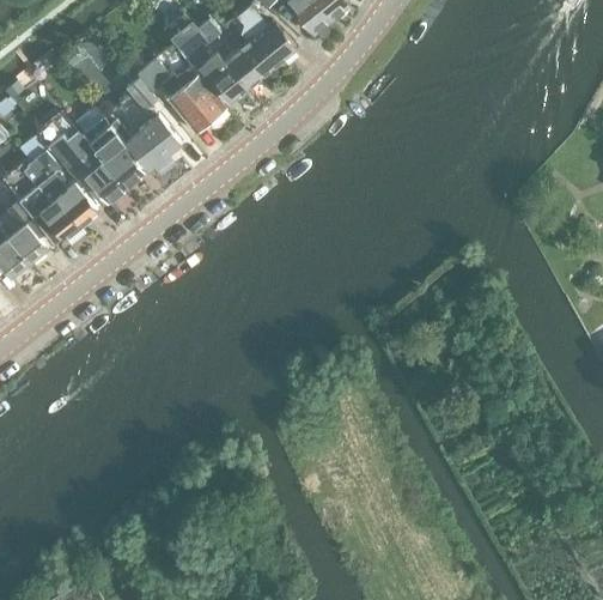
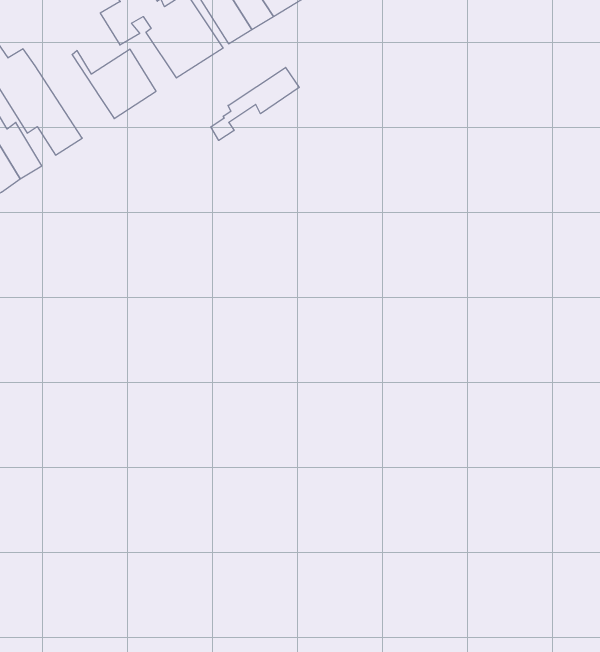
building: none -> [211,67,299,140]
building: [81,116,141,187] -> none

